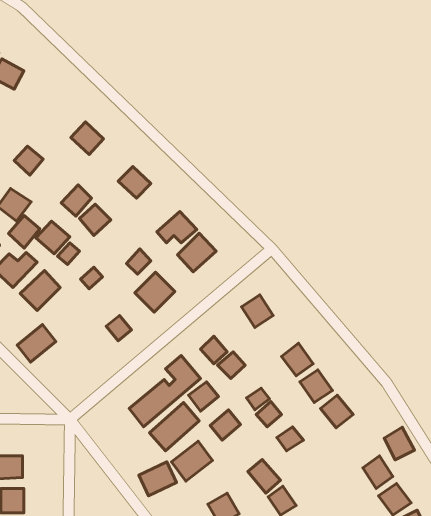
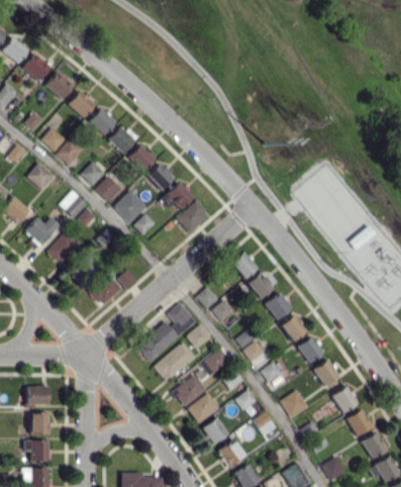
building: none -> [45,71,74,99]
building: none -> [68,90,95,117]
building: none -> [108,126,135,154]
building: none -> [147,163,175,190]
building: [8,215,40,248] -> [57,138,83,166]
building: [135,272,175,312] -> [114,190,147,223]
building: none -> [246,272,273,299]
building: [17,325,56,362] -> [90,275,122,306]
building: [384,427,414,460] -> [314,359,339,386]
building: none -> [280,390,308,418]
building: [139,462,176,496] -> [188,394,219,422]

